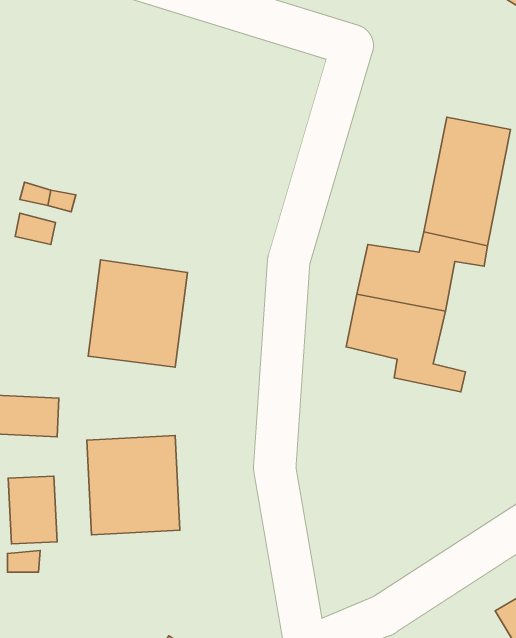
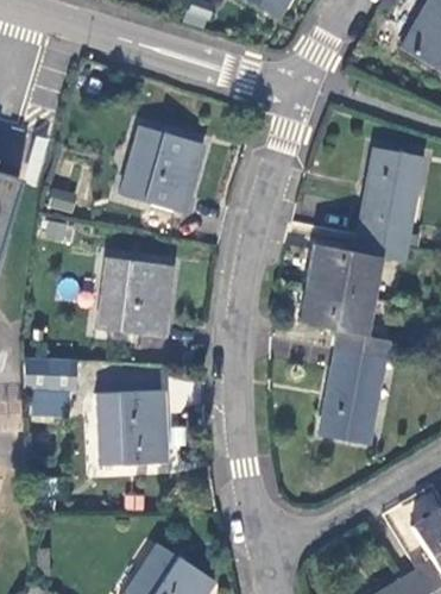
building: none -> [122,125,207,213]
building: none -> [316,346,384,445]
building: [8,476,57,544] -> none

